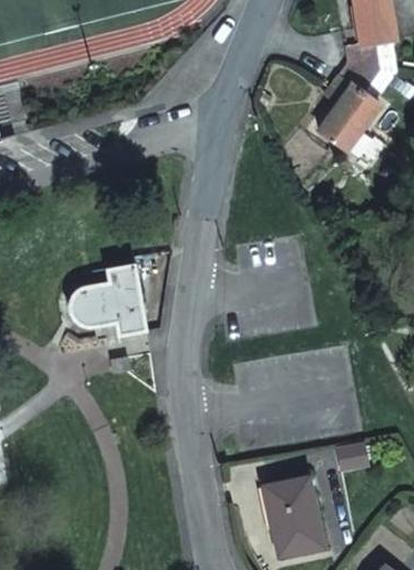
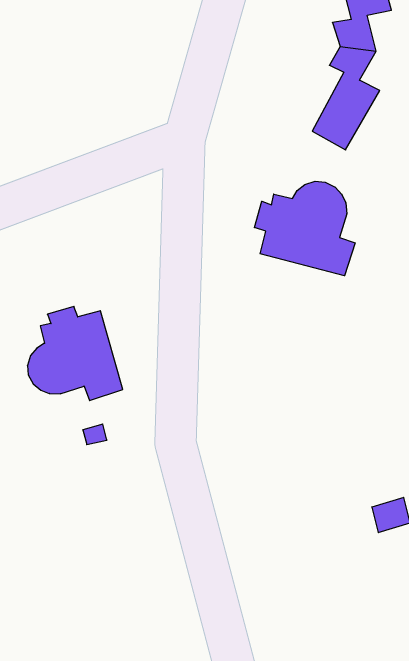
building: none -> [254,181,355,276]
building: [264,472,325,553] -> none

